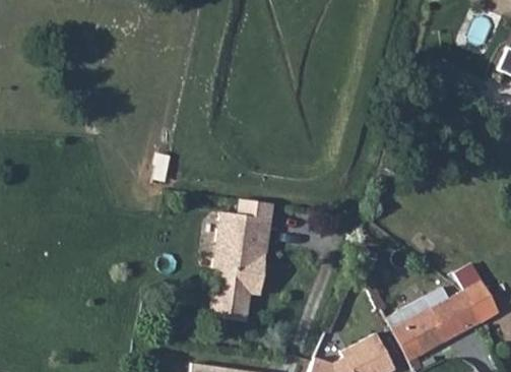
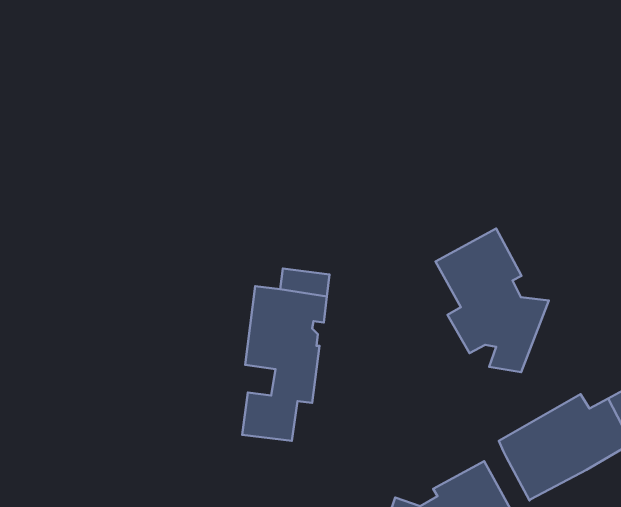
building: none -> [436,228,549,372]

